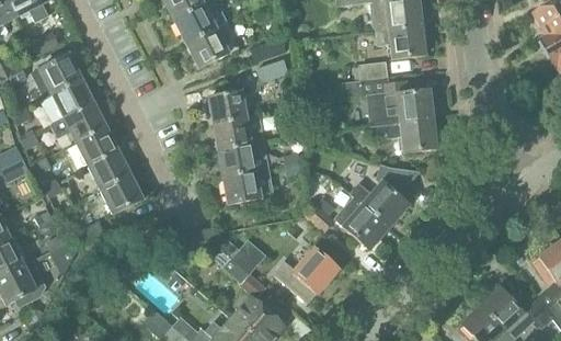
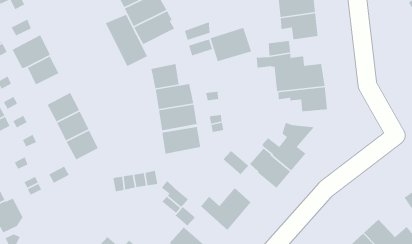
building: none -> [105,14,148,67]
building: none -> [209,27,252,62]
building: [53,102,106,143] -> none

